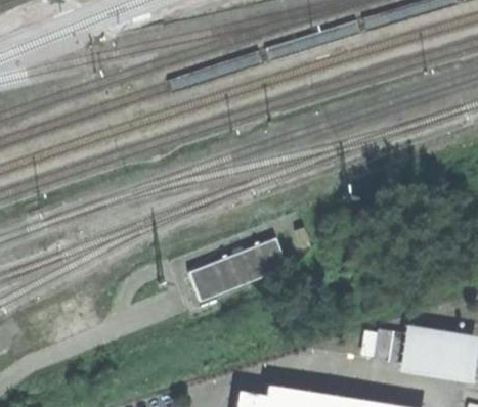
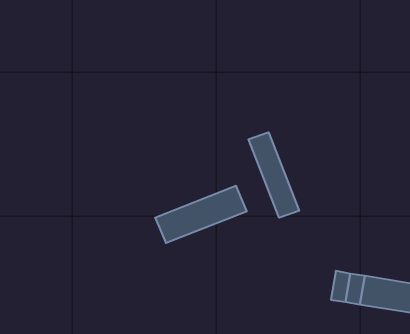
building: none -> [248,132,299,218]

